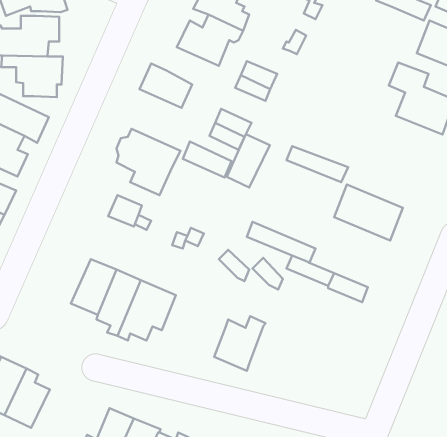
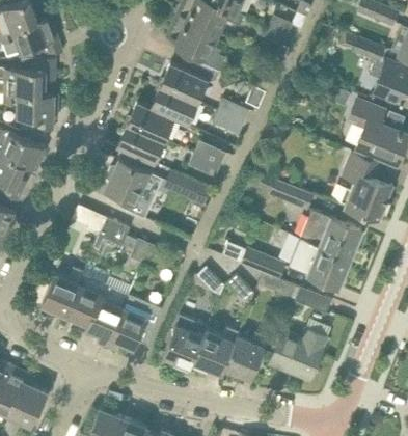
building: none -> [152,87,198,127]
building: none -> [118,125,165,164]
building: none -> [339,153,393,221]
building: [227,134,270,188] -> none
building: none -> [73,206,108,238]
building: none -> [289,239,351,288]
building: none -> [43,268,85,316]
building: none -> [163,316,205,370]
building: none -> [270,330,328,381]
building: none -> [225,333,270,381]

